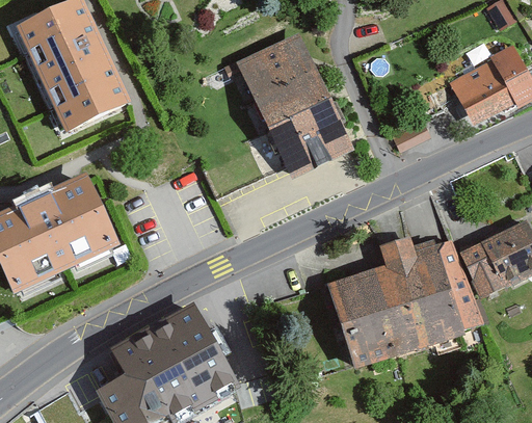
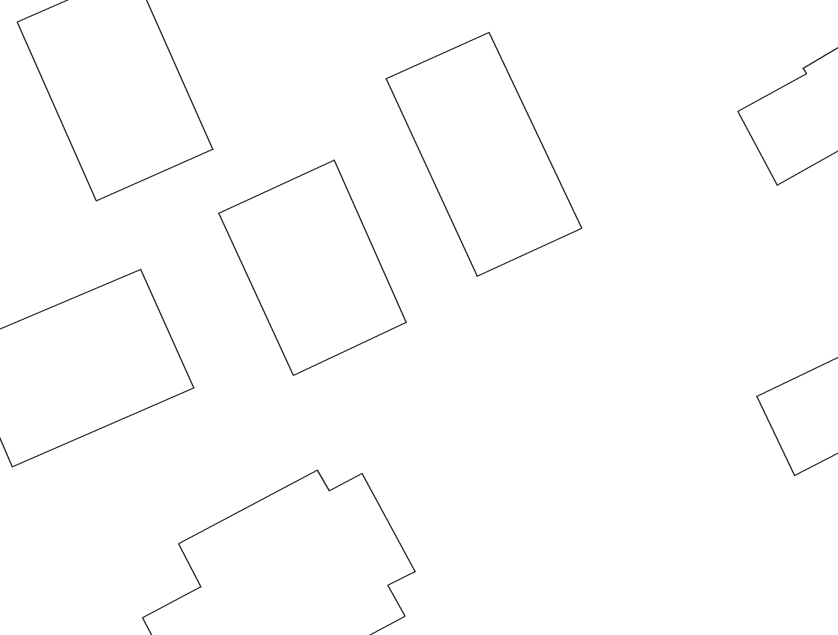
building: none -> [219,160,406,375]
building: [325,235,481,370] -> none

